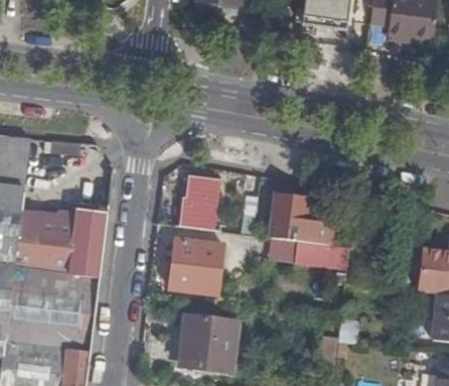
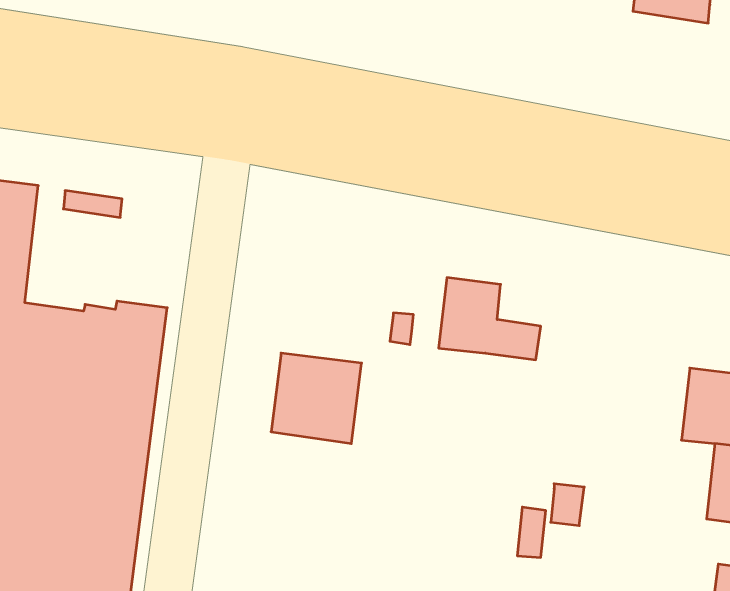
building: [182,176,219,230] -> none
building: [295,240,349,267] -> none
building: [179,315,237,371] -> none

